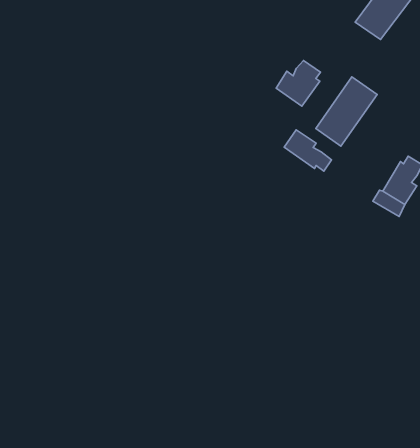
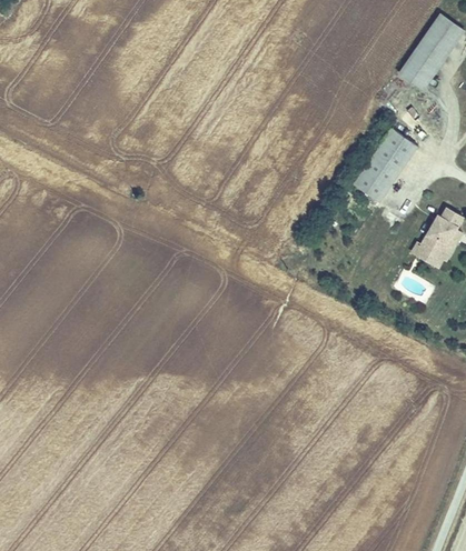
building: [276,60,321,106] -> none
building: [284,130,332,171] -> none

